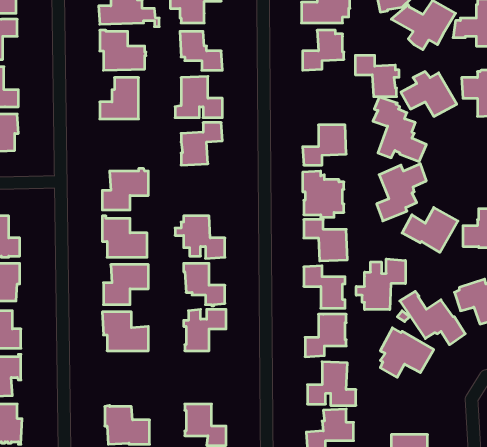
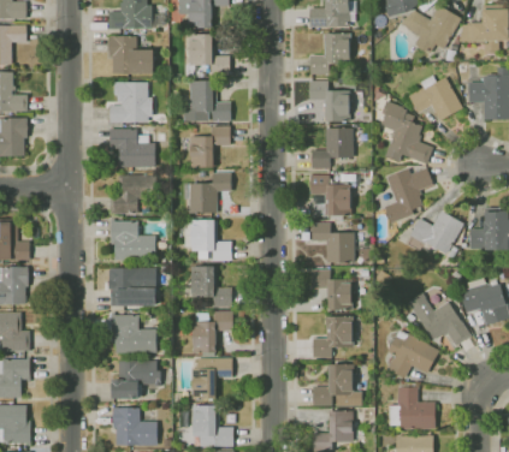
building: [355,55,399,97] -> [308,81,351,121]
building: none -> [111,126,155,171]
building: none -> [183,173,230,214]
building: [356,259,405,310] -> none
building: none -> [193,357,232,402]
building: none -> [112,359,161,399]
building: none -> [390,380,436,429]

